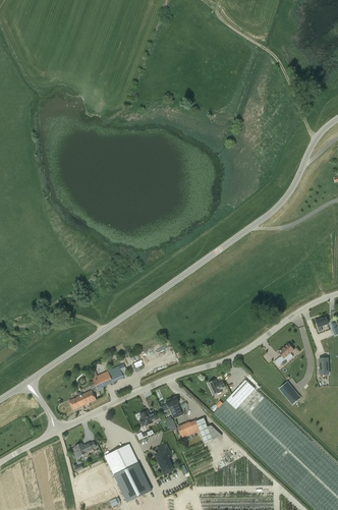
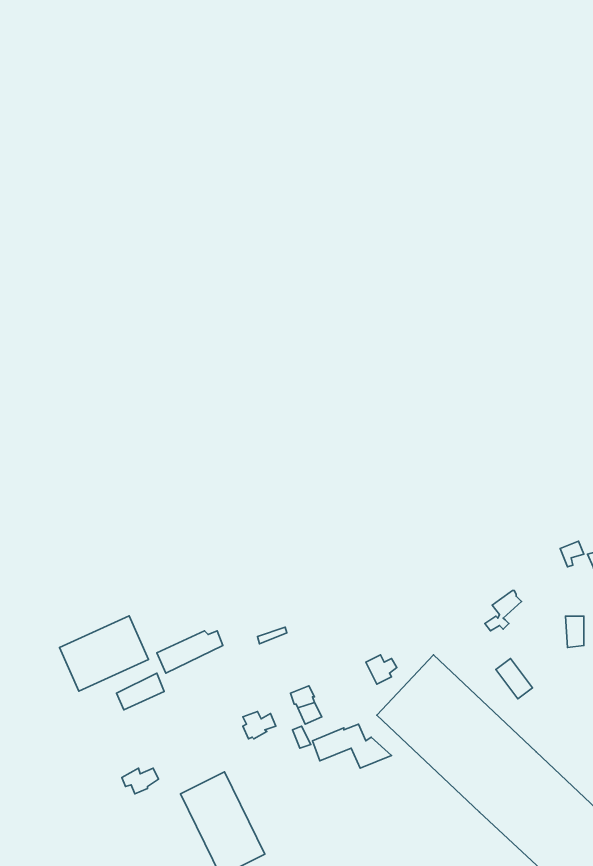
building: none -> [59,616,149,691]
building: [154,443,175,475] -> none

